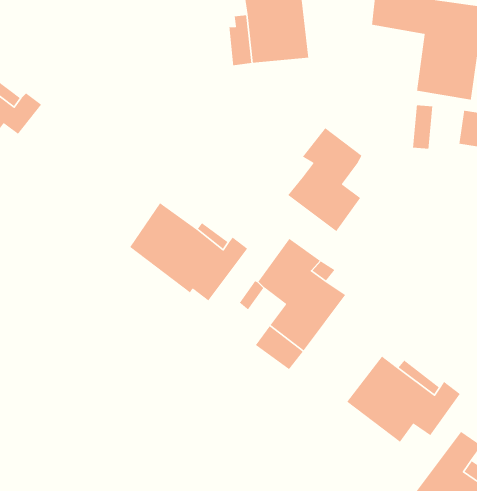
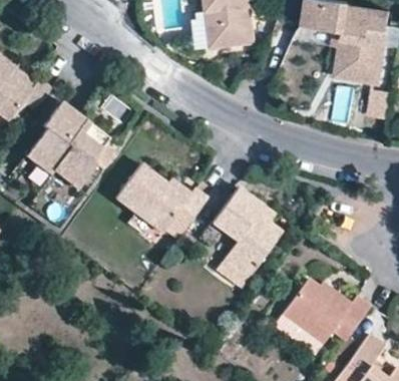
building: [287,127,362,232] -> none
building: none -> [30,104,103,180]

